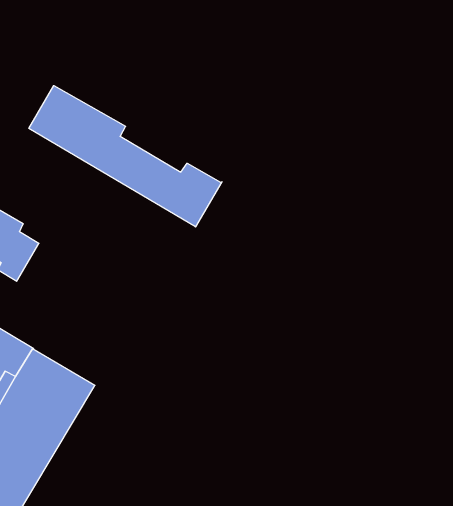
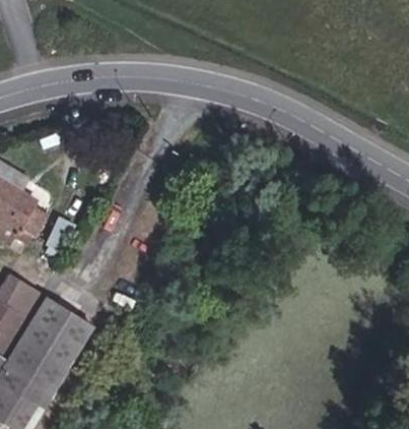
building: [29,86,222,227] -> none

